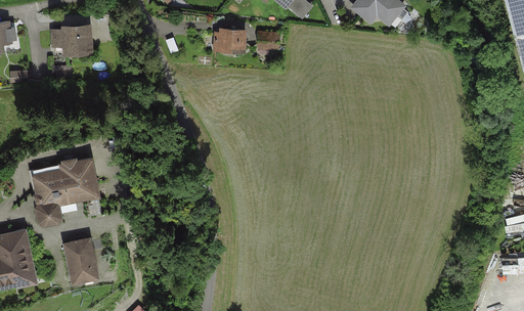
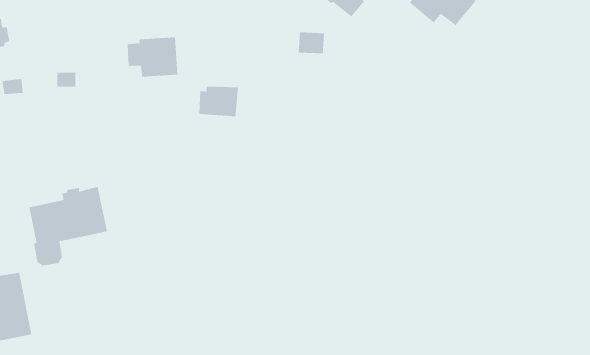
building: [50,23,93,56] -> [127,37,178,77]
building: [213,27,247,52] -> [198,86,239,117]
building: [64,237,97,282] -> none

